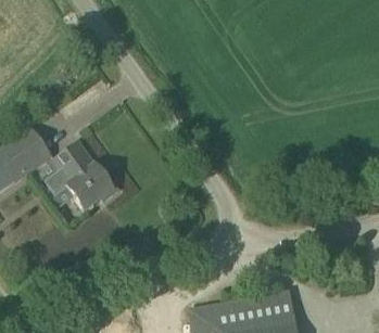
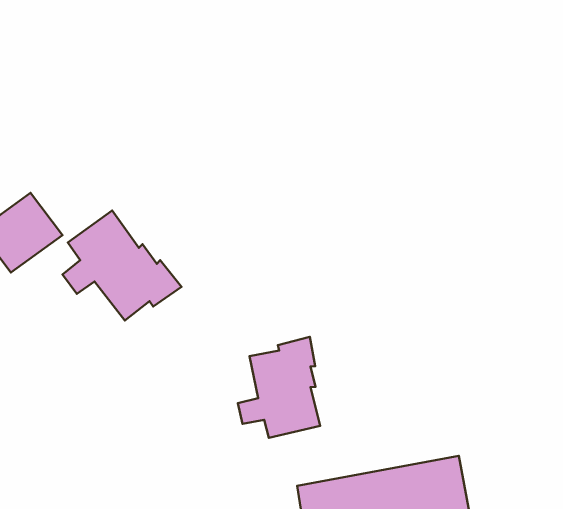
building: none -> [238,337,320,438]

